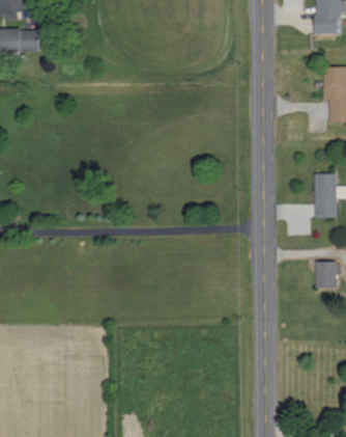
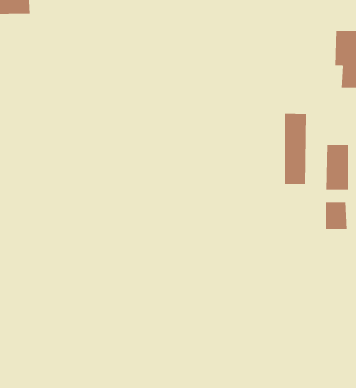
building: none -> [284,113,307,185]
building: [315,263,336,289] -> [325,202,347,230]

